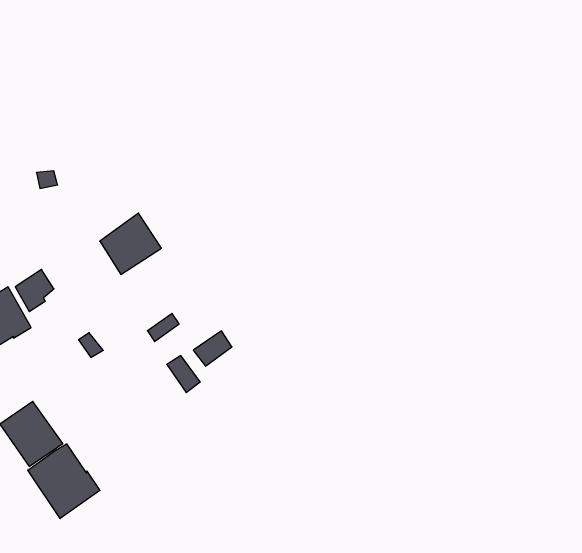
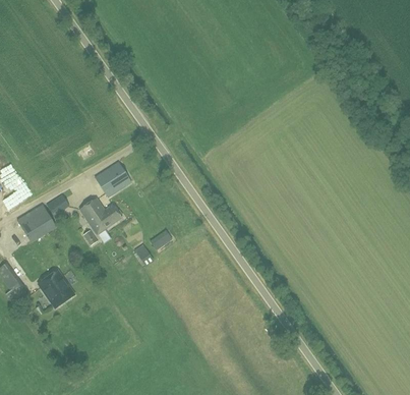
building: none -> [79,197,122,234]
building: [28,444,100,519] -> none

